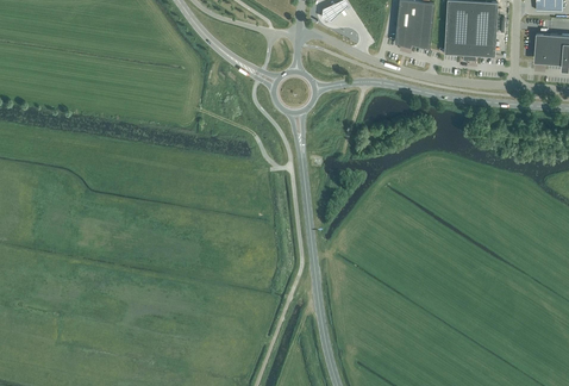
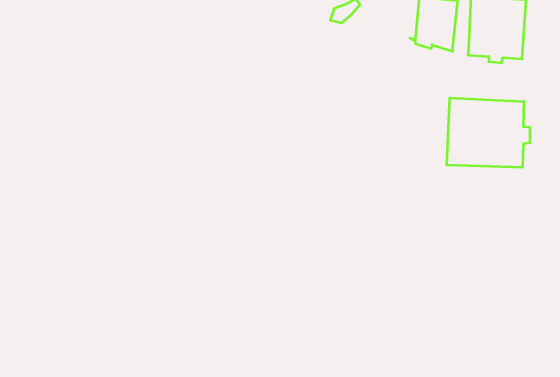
building: none -> [447,98,530,167]

